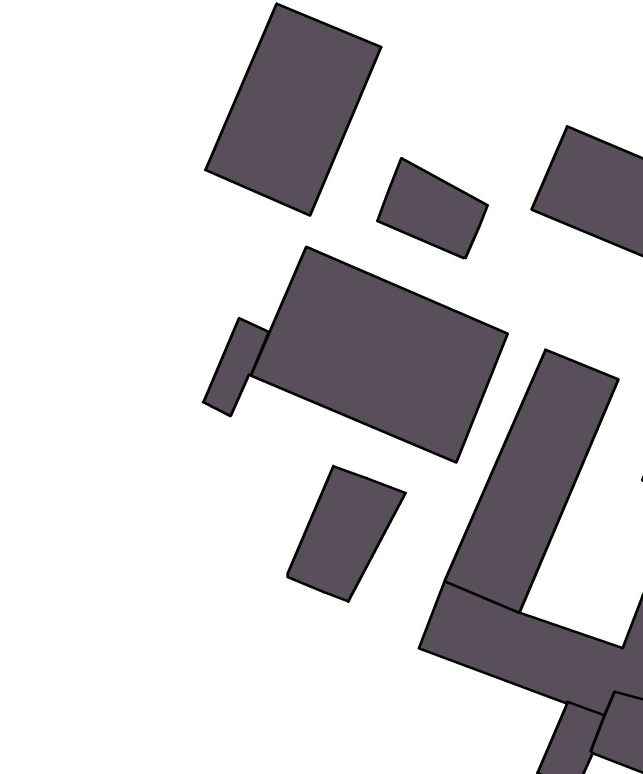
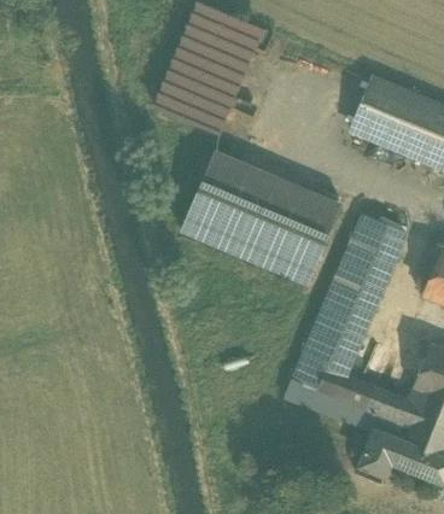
building: [377,158,488,258] -> none
building: [203,318,269,416] -> none
building: [288,466,406,602] -> none

